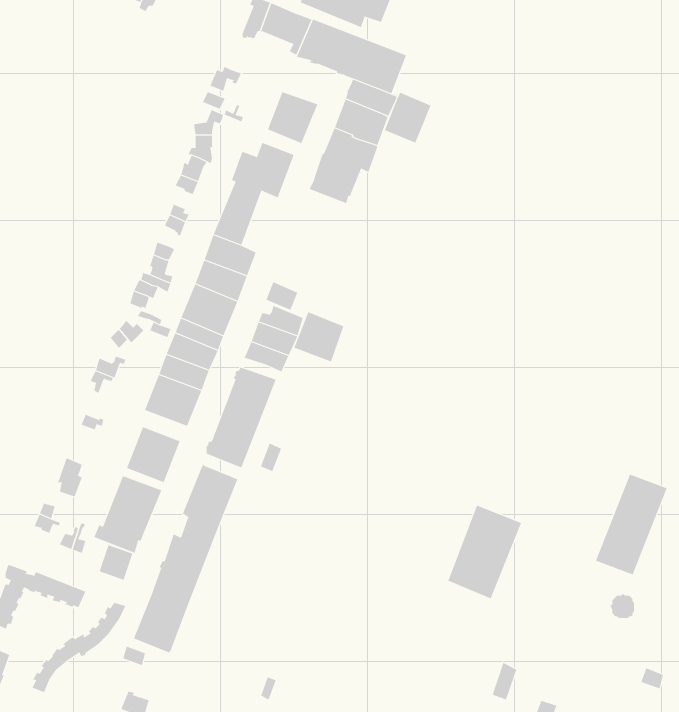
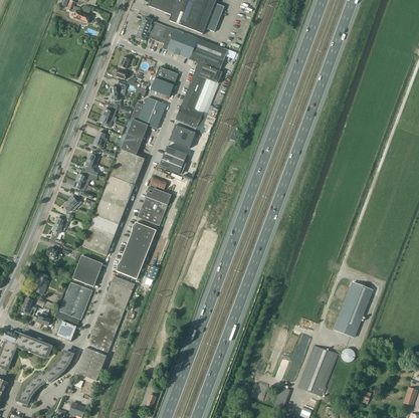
building: [384,92,431,144] -> none
building: none -> [169,125,196,149]
building: [293,312,344,362] -> [159,146,187,174]
building: [448,505,522,599] -> [297,345,339,397]

